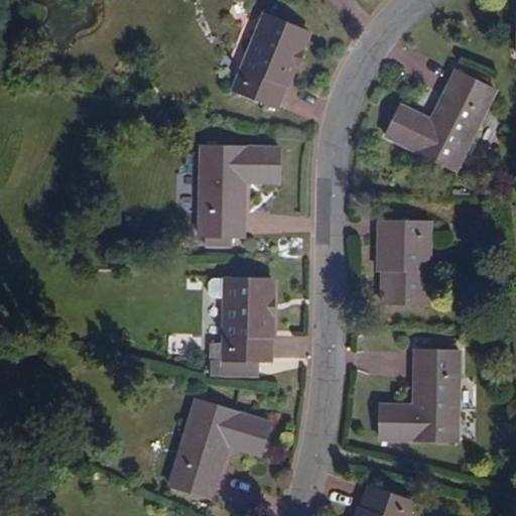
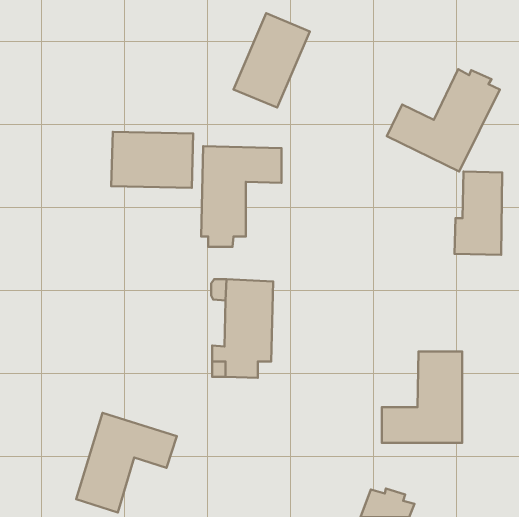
building: none -> [111,132,193,188]
building: [381,221,428,303] -> [454,172,502,255]
building: [170,399,270,498] -> [76,413,177,512]

